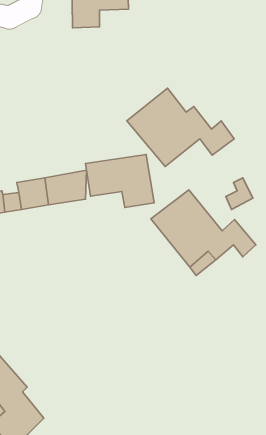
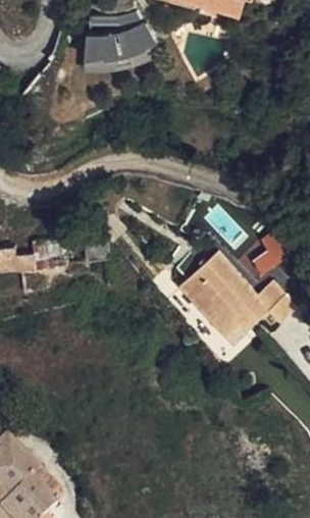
building: [127,88,234,166] -> none
building: [85,154,154,207] -> none

